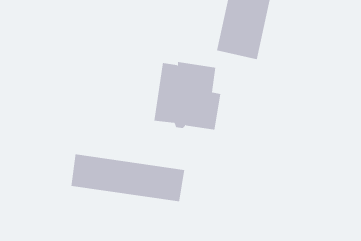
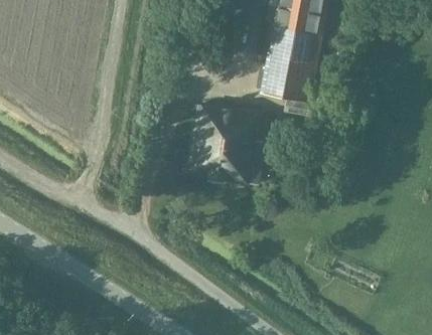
building: [71,154,185,202] -> none

